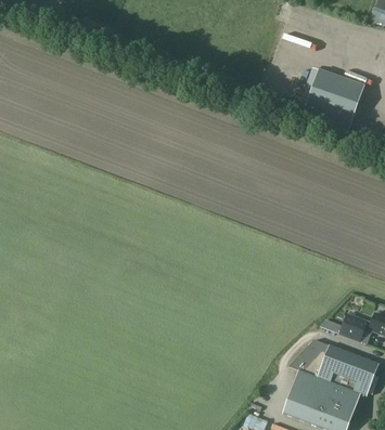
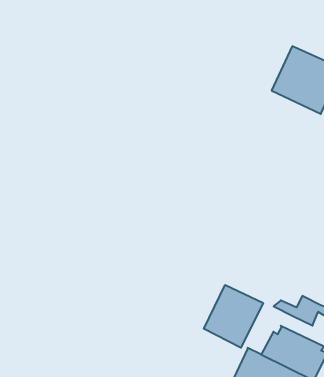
building: none -> [204,285,263,348]

